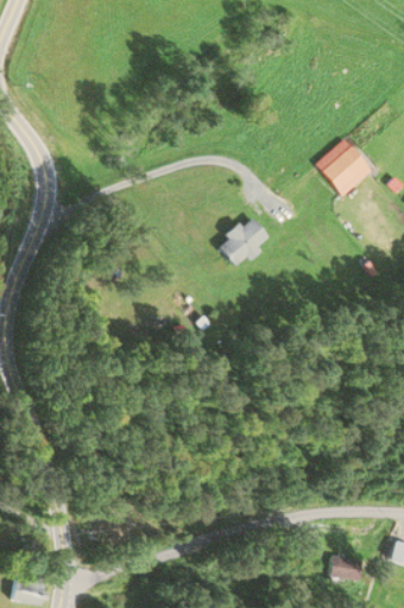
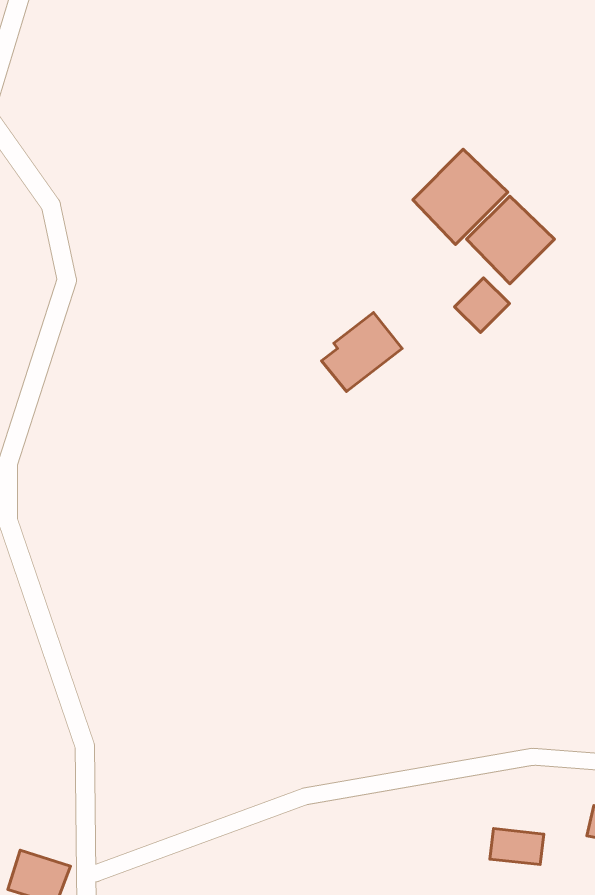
building: none -> [413,149,508,245]
building: none -> [455,278,509,332]

